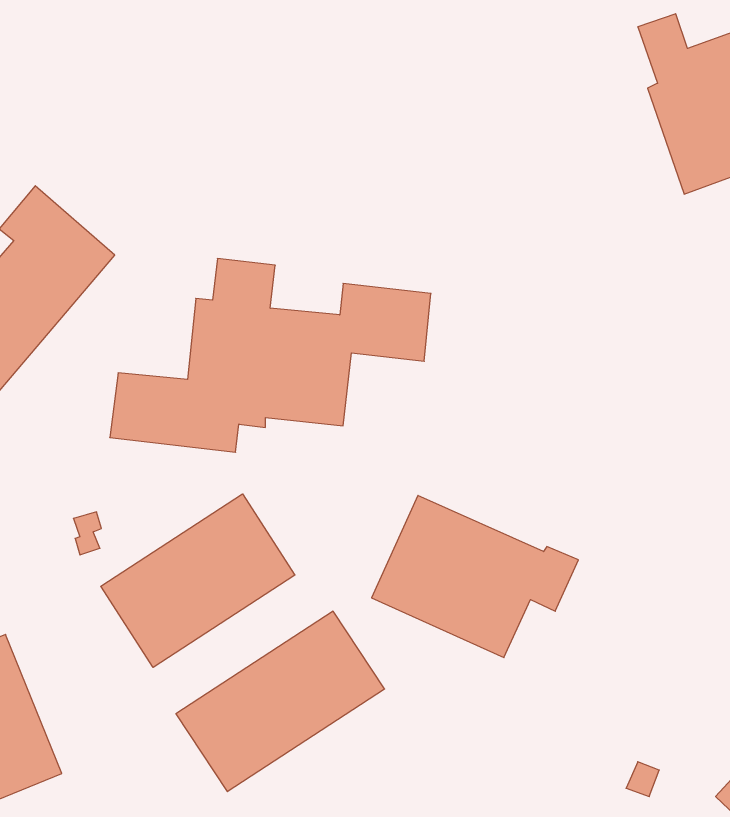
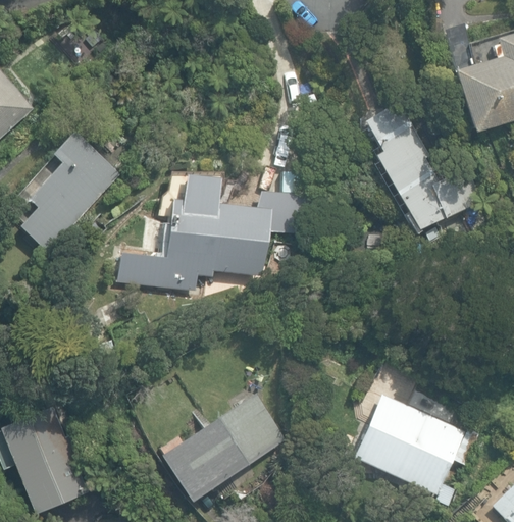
building: none -> [363,100,483,229]
building: [101,494,295,667] -> none
building: [372,495,578,658] -> [355,394,482,493]

